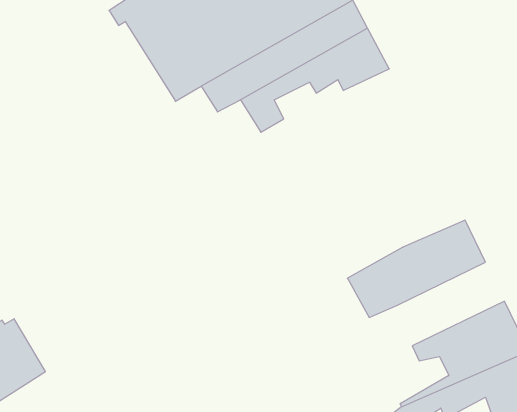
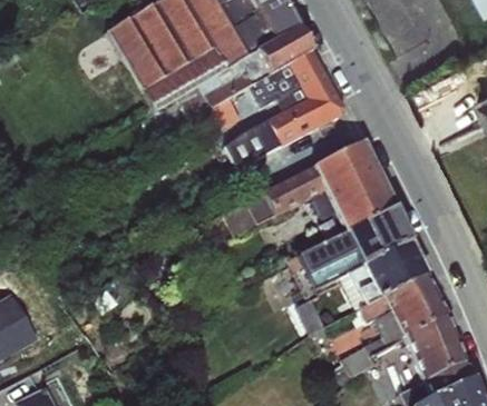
building: none -> [240,83,345,161]
building: none -> [224,141,396,236]
building: none -> [340,242,428,316]

